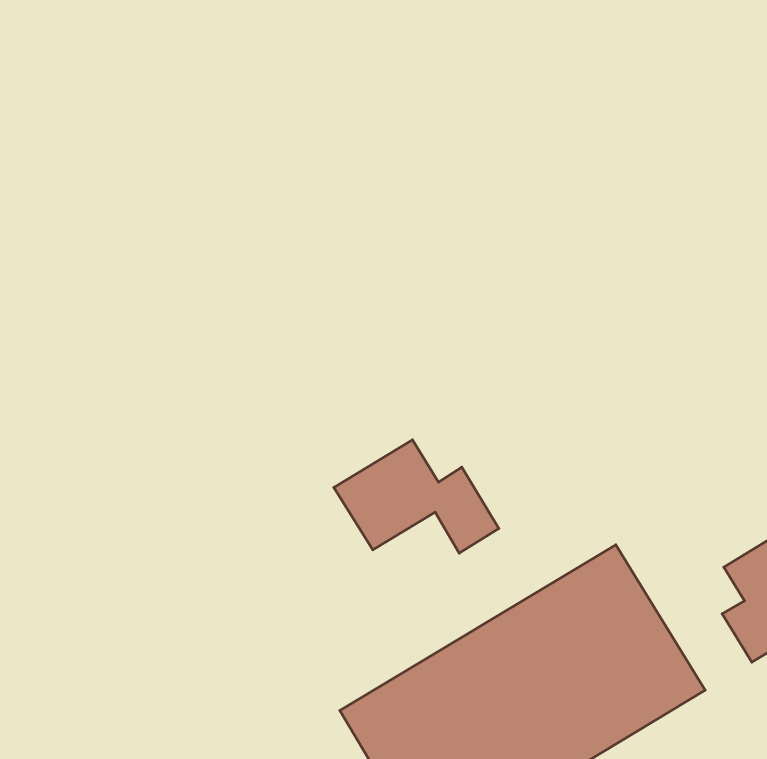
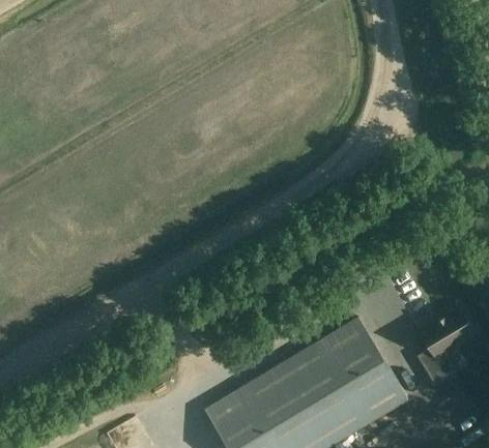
building: [334,440,499,553] -> none

